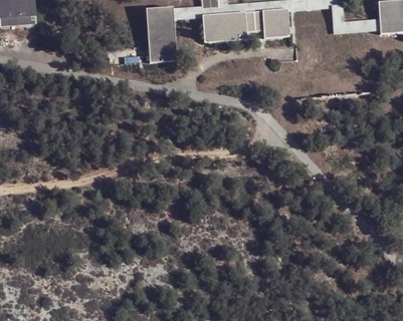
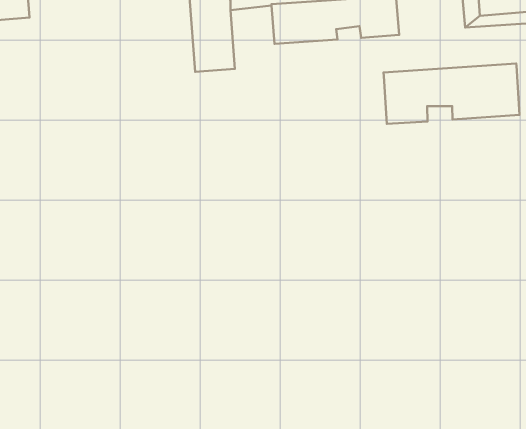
building: none -> [383,64,520,124]

